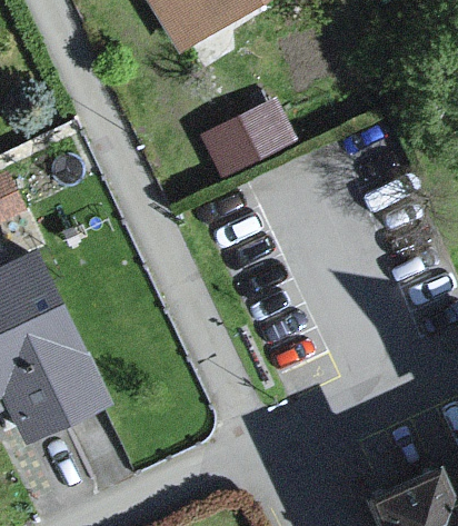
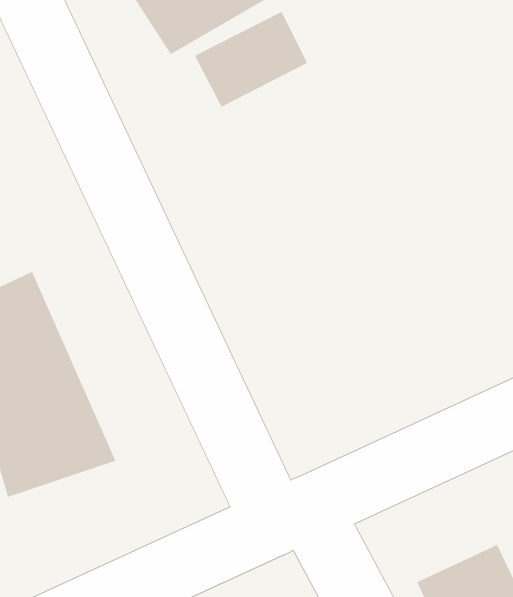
building: [195,89,291,171] -> [194,11,308,108]

